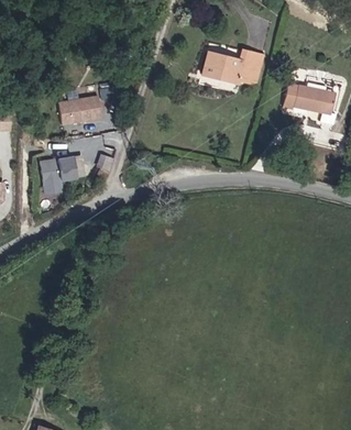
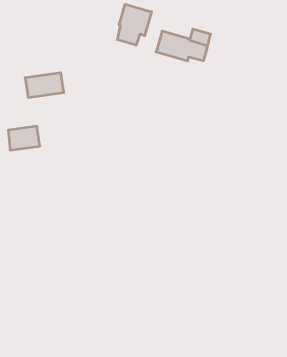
building: none -> [117,4,152,45]
building: [286,82,336,110] -> none

